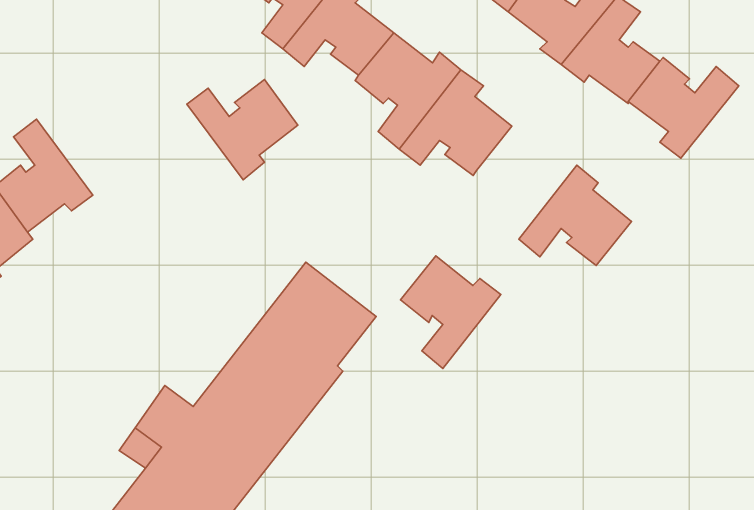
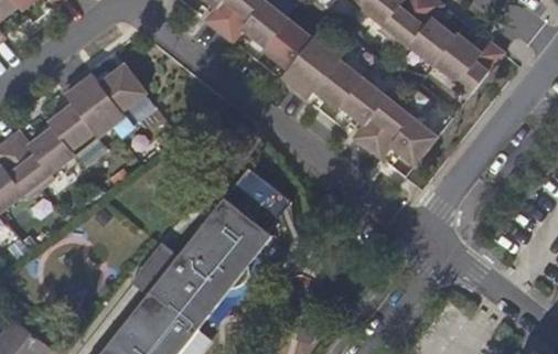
building: [187,79,298,180] -> [75,66,144,129]
building: [401,256,501,368] -> [351,86,414,157]

